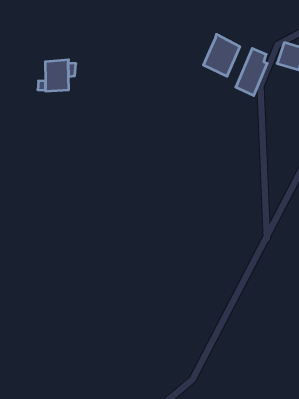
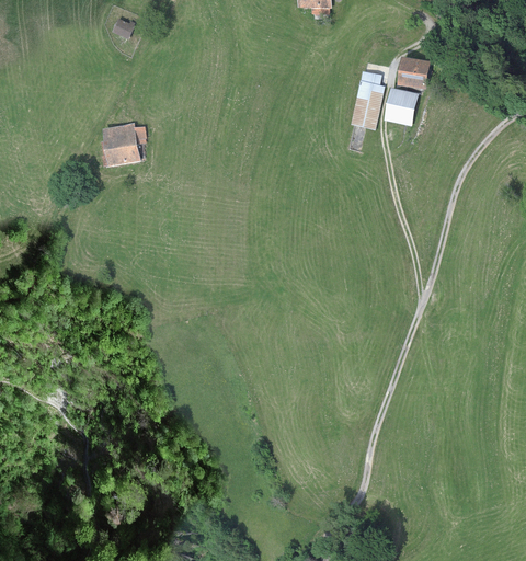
building: [203,34,240,76] -> none
building: none -> [382,87,416,125]

